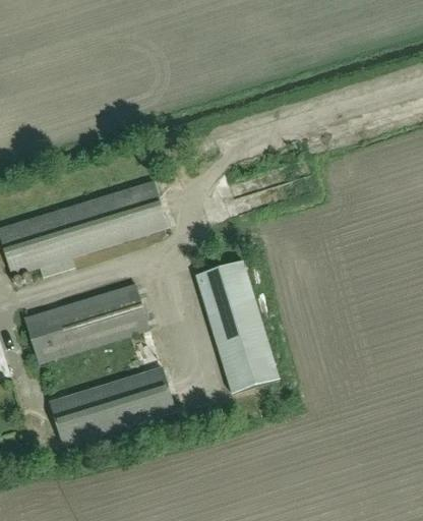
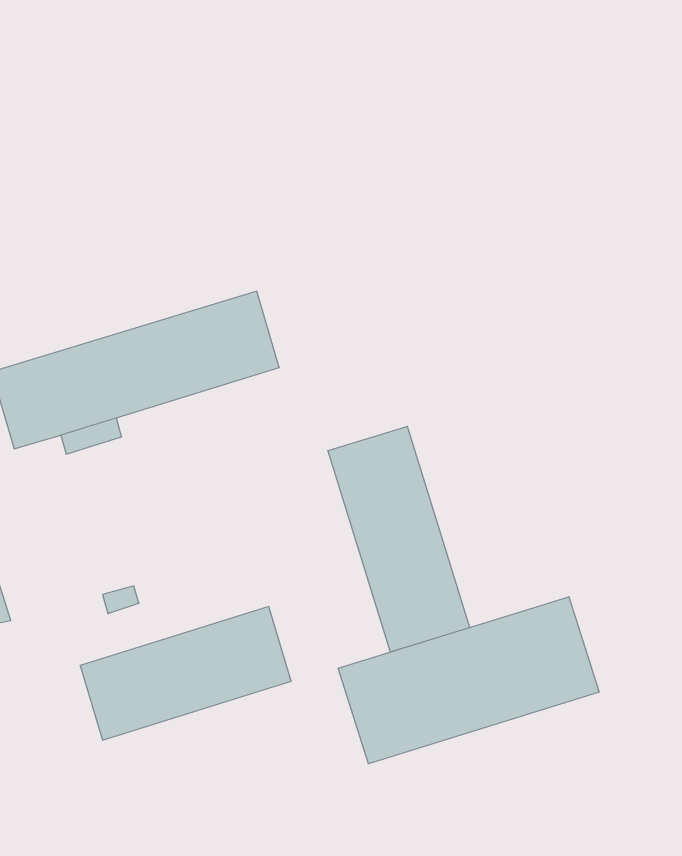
building: [24,283,148,362] -> none
building: none -> [338,597,599,764]

